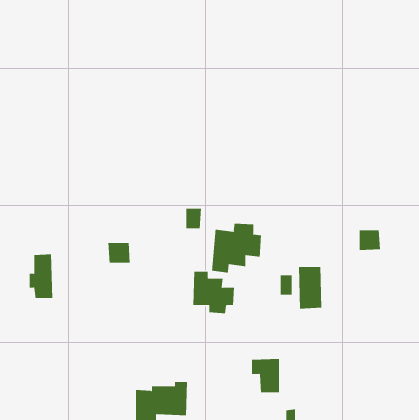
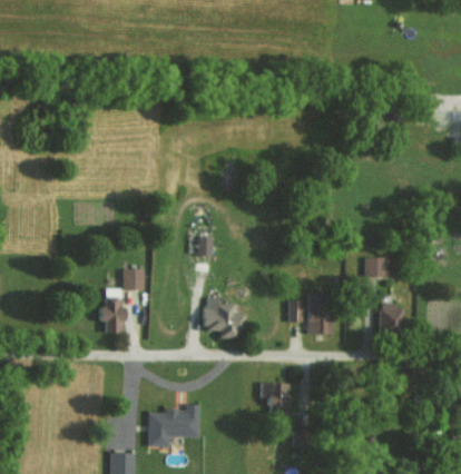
building: [211,223,262,273] -> none
building: [29,254,53,298] -> [101,288,125,332]
building: none -> [380,303,402,332]

